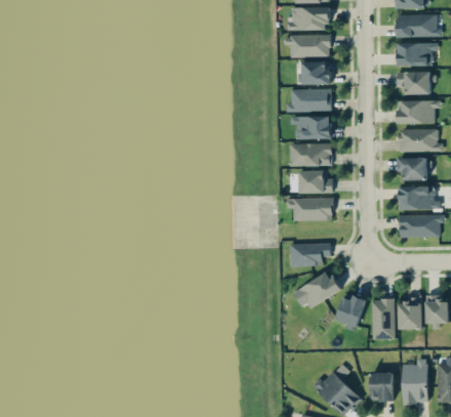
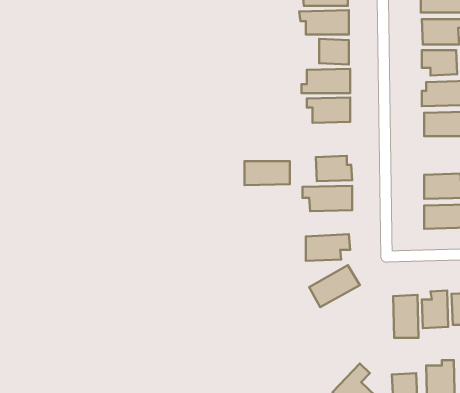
building: [290,144,332,167] -> [245,161,290,185]
building: [399,158,427,181] -> none
building: [337,296,365,327] -> none

